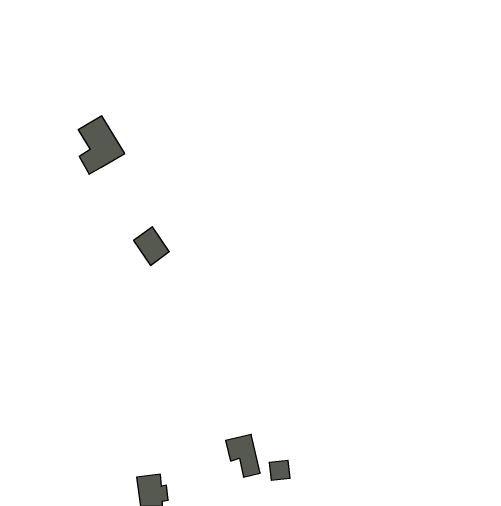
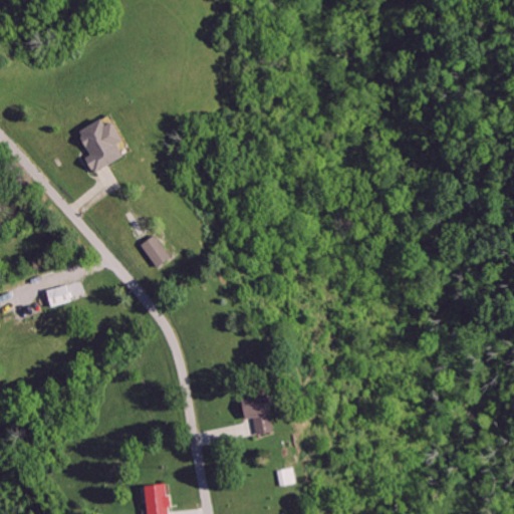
building: none -> [45,283,70,306]
building: [226,434,260,477] -> [241,393,276,436]

